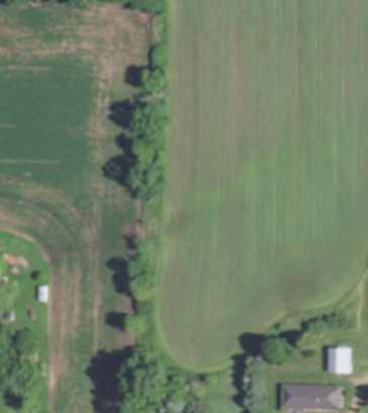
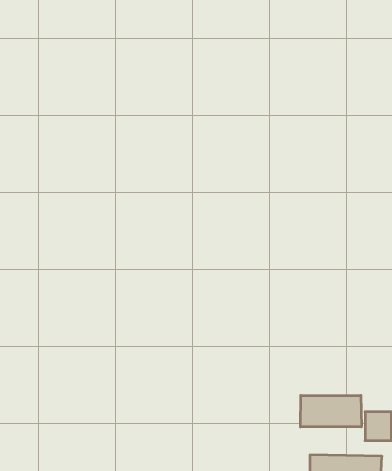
building: none -> [300,395,361,427]

